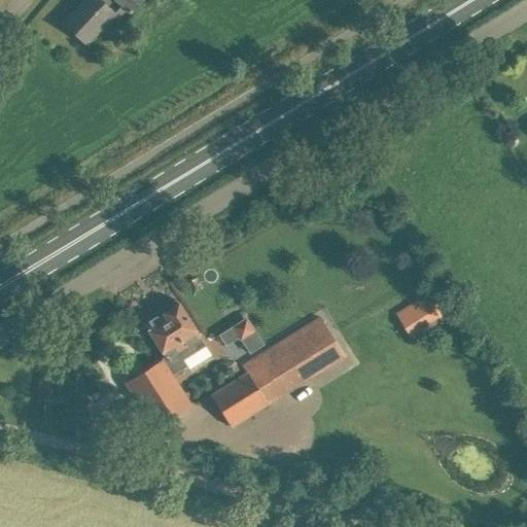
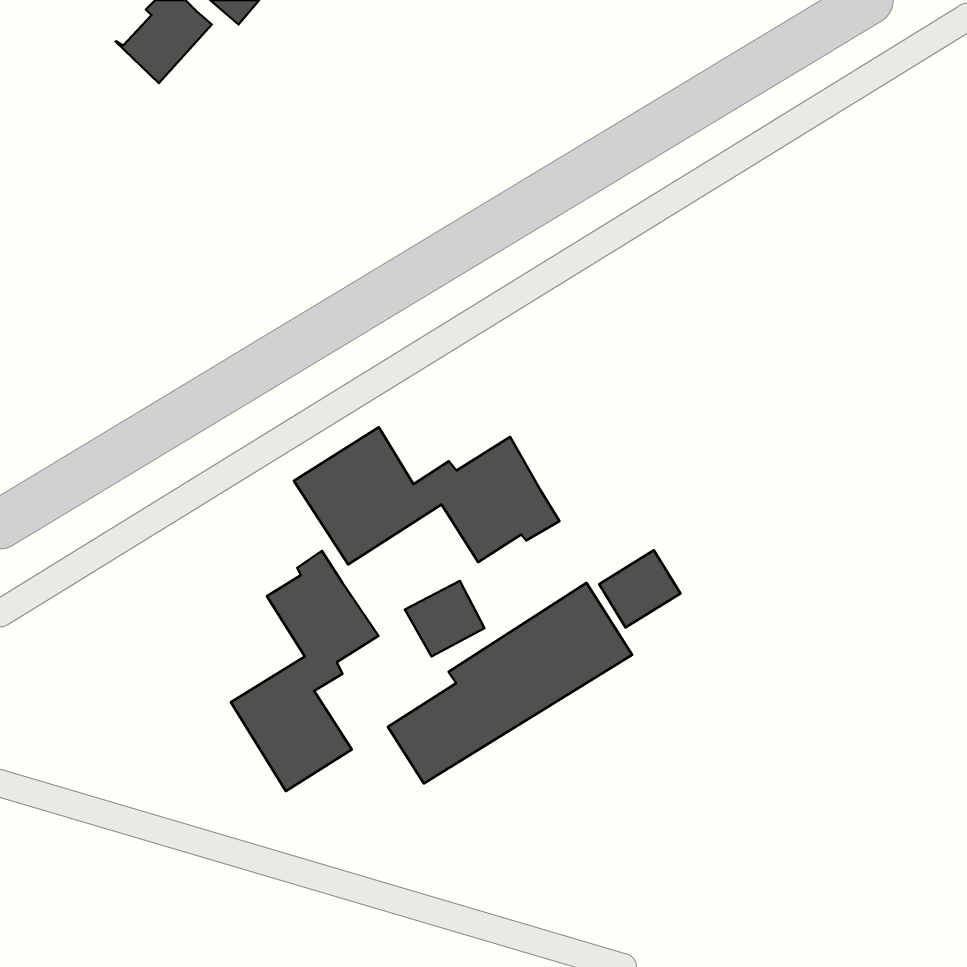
building: none -> [294,427,559,565]
building: [396,292,441,335] -> [599,550,680,628]

